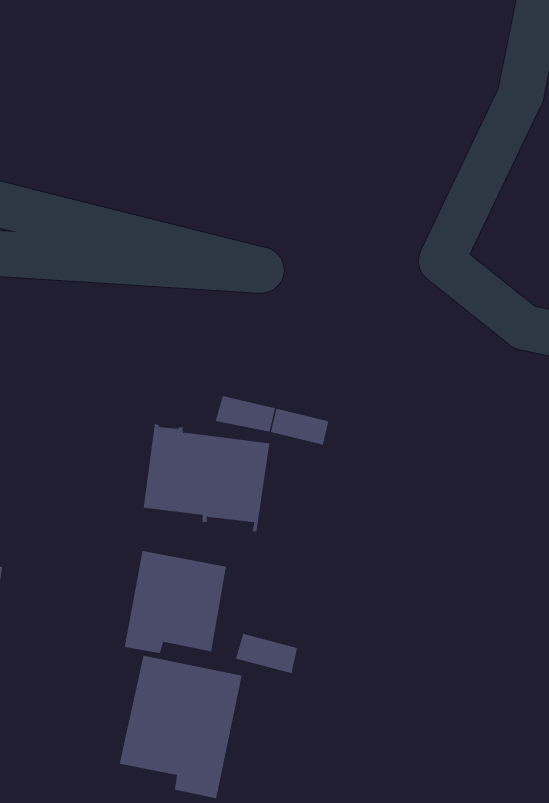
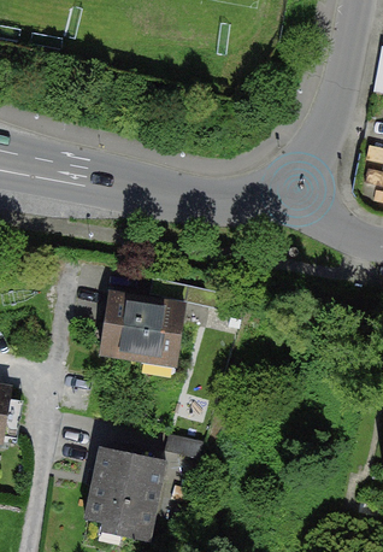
building: [124,550,227,654] -> none

